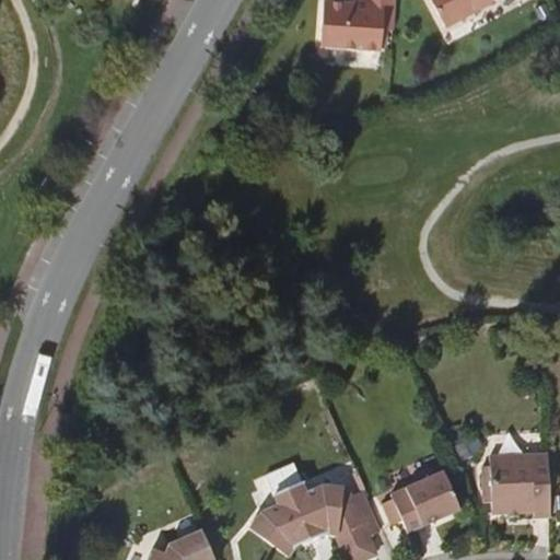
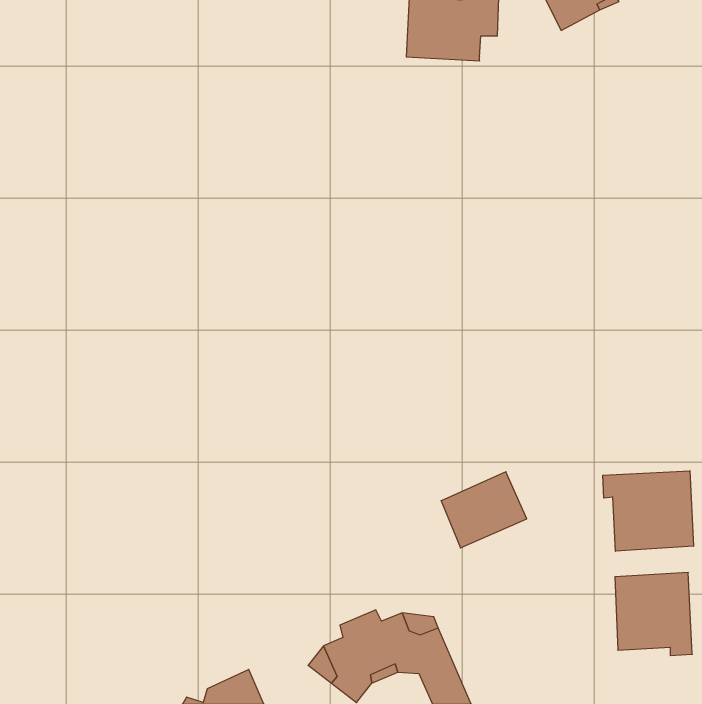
building: none -> [603,471,693,551]
building: [390,472,458,533] -> [441,472,527,548]

